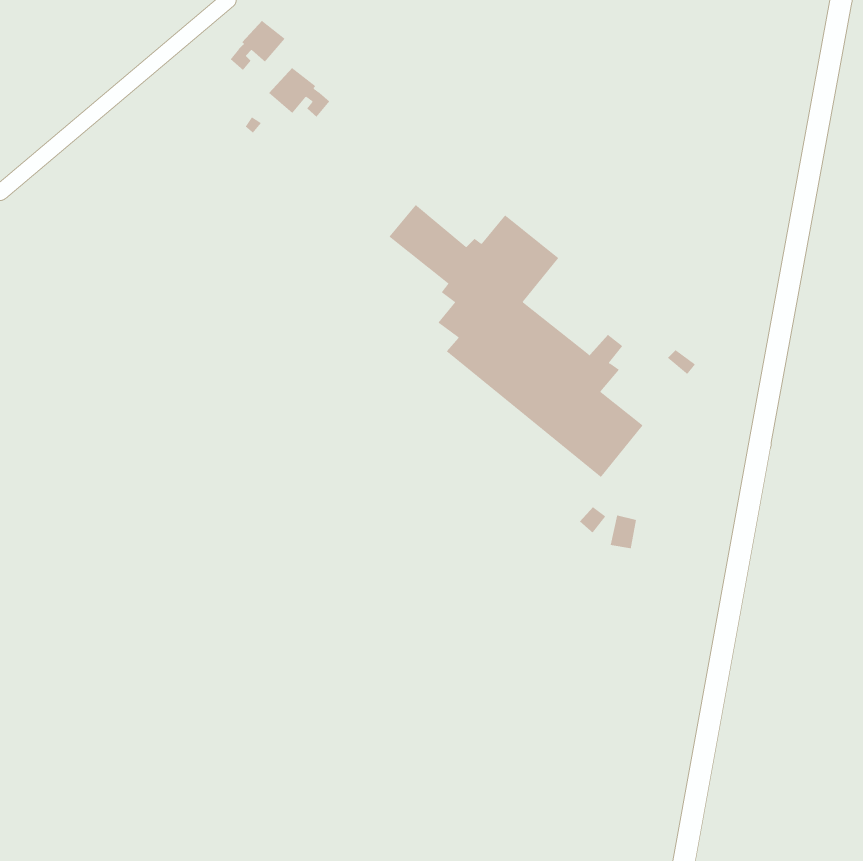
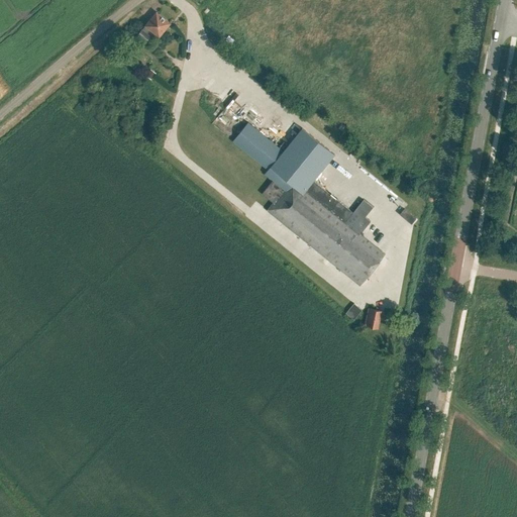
building: [268,67,330,117] -> none

